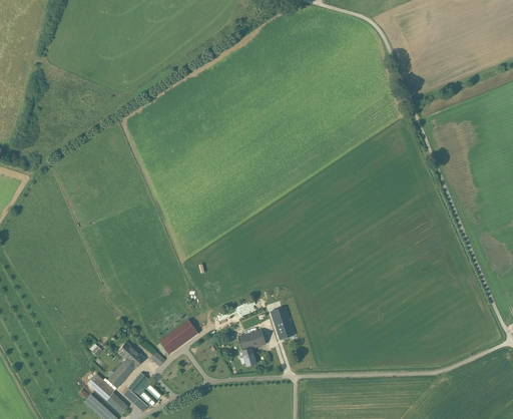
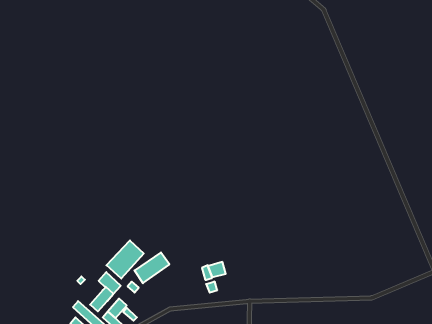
building: none -> [106,240,144,279]
building: [272,306,295,338] -> none

